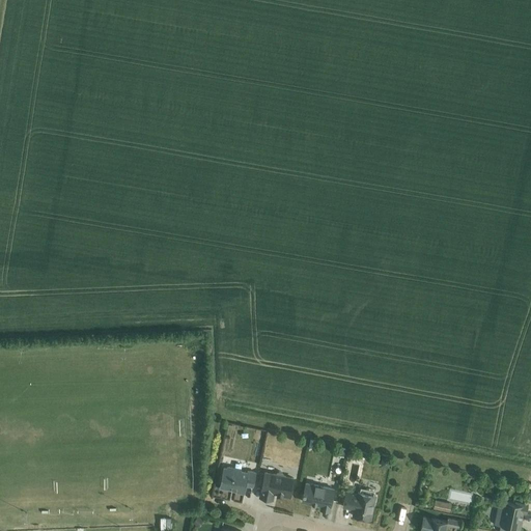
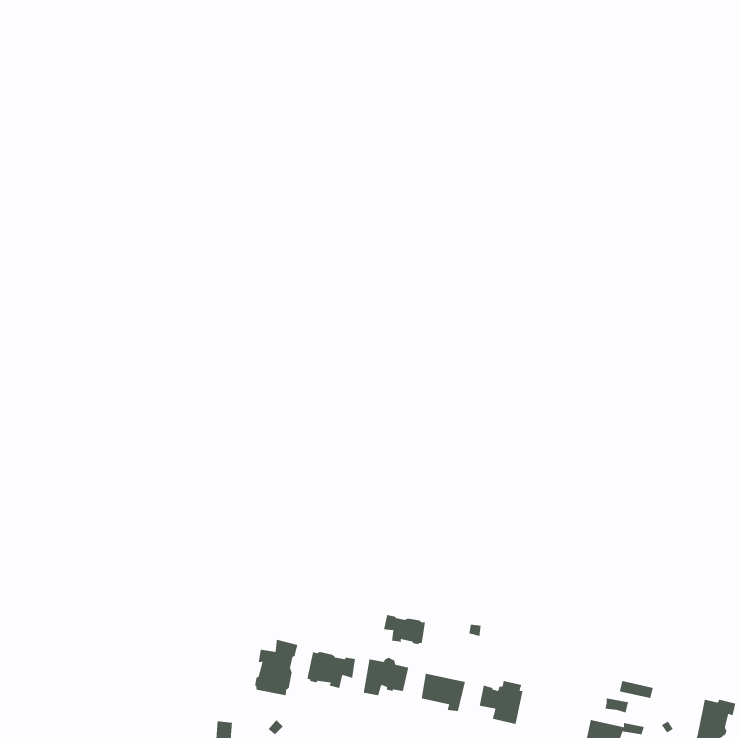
building: none -> [383,614,426,645]
building: none -> [254,639,298,696]

